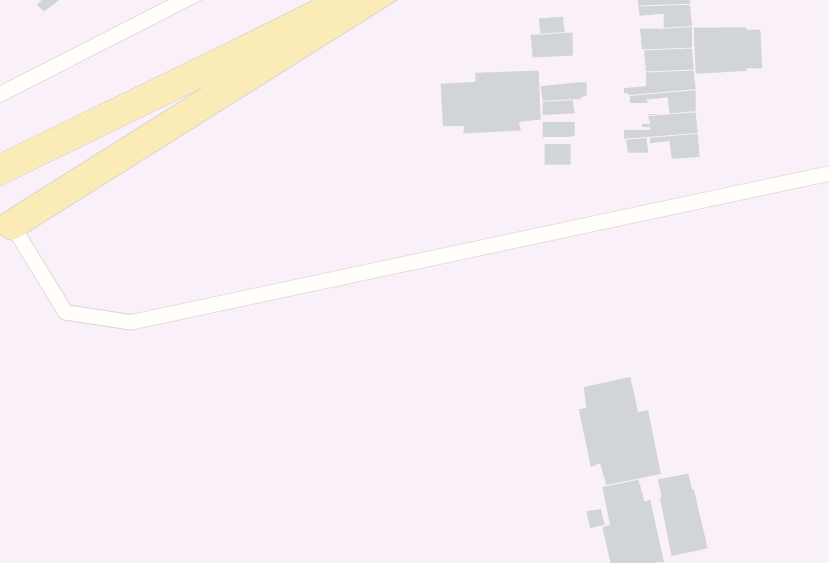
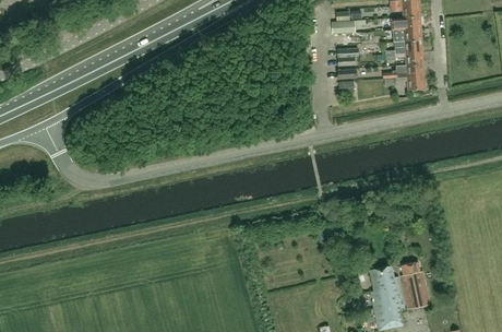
building: [693,27,763,74] -> none
building: [440,70,541,134] -> none
building: [578,376,661,486] -> none

